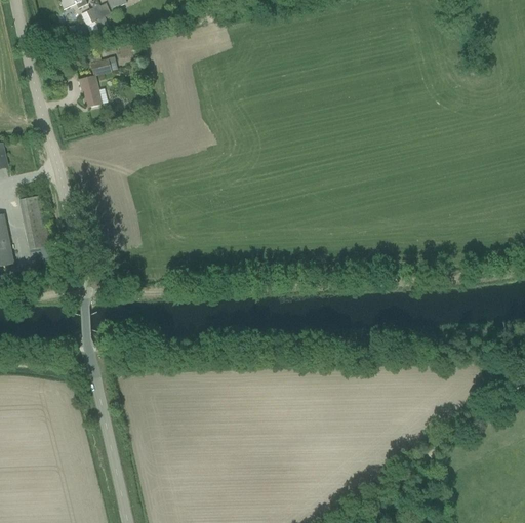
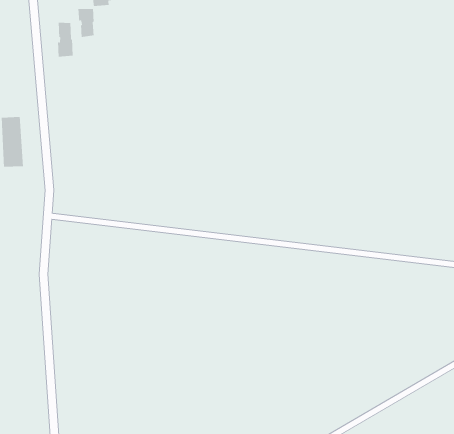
building: none -> [57,22,74,58]

